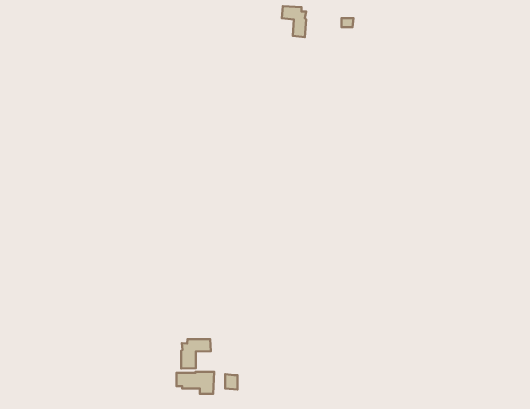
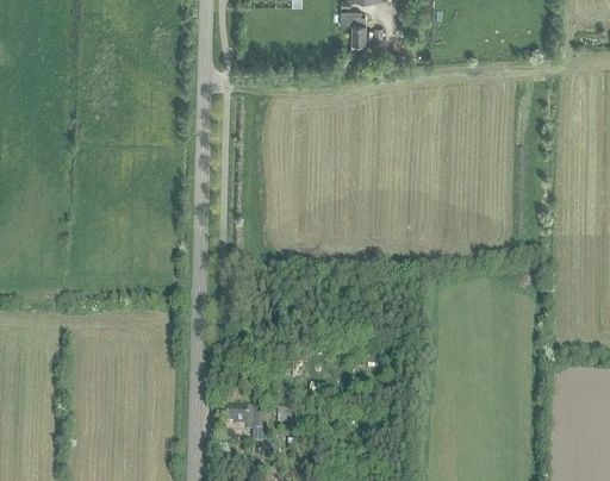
building: [181,339,211,368] -> none

